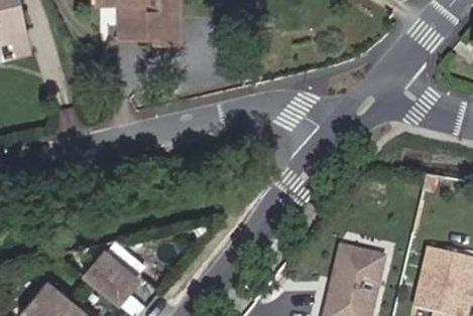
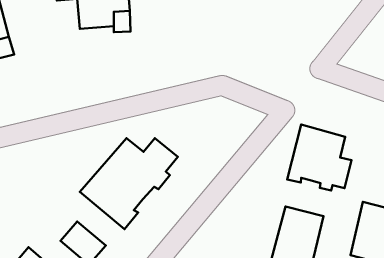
building: none -> [287,125,351,190]
building: none -> [80,138,178,229]

